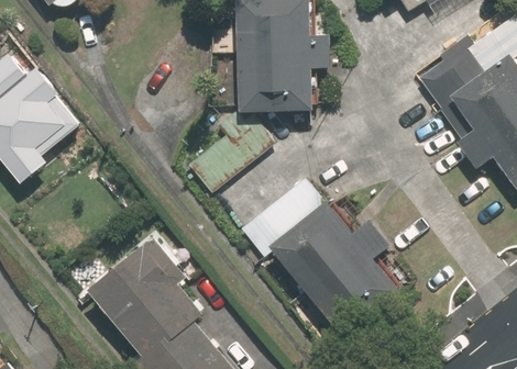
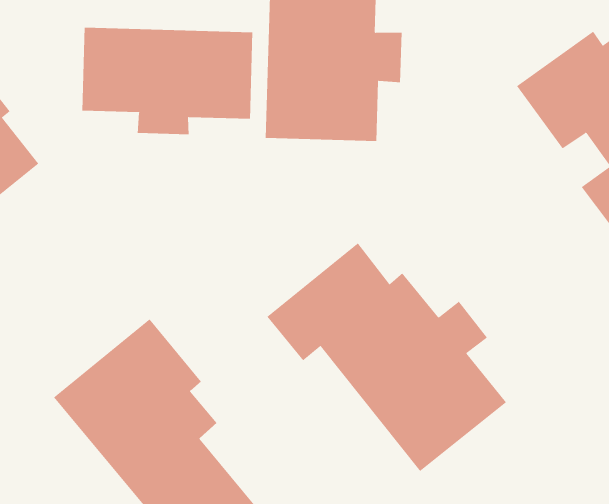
building: none -> [82,27,253,135]

